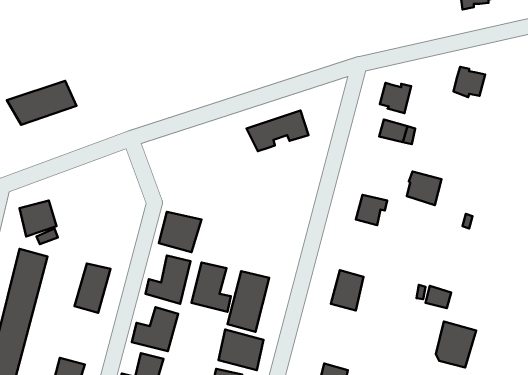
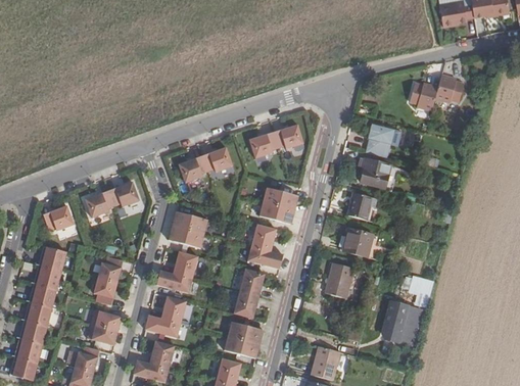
building: [7,81,76,125] -> [81,178,144,218]
building: [380,83,411,113] -> [411,87,439,114]
building: none -> [177,143,236,193]
building: [407,171,442,205] -> [361,162,392,193]
building: none -> [257,185,298,222]
building: none -> [343,232,378,262]
building: [191,262,231,312] -> [247,223,283,268]
building: none -> [82,305,122,344]
building: [436,322,476,368] -> [383,305,420,347]

